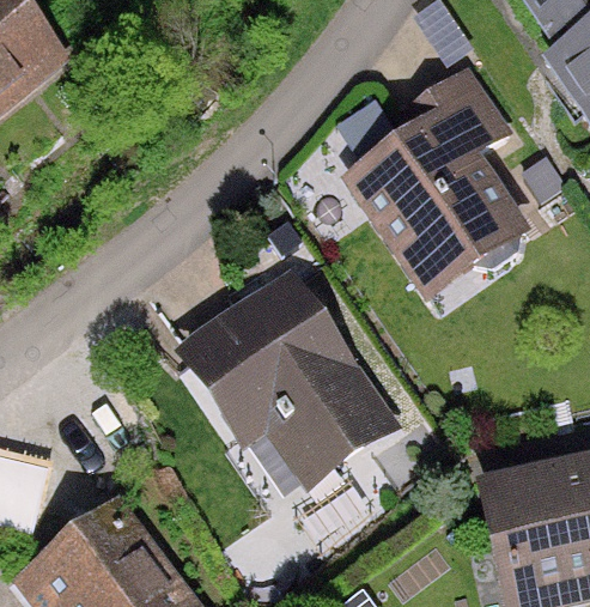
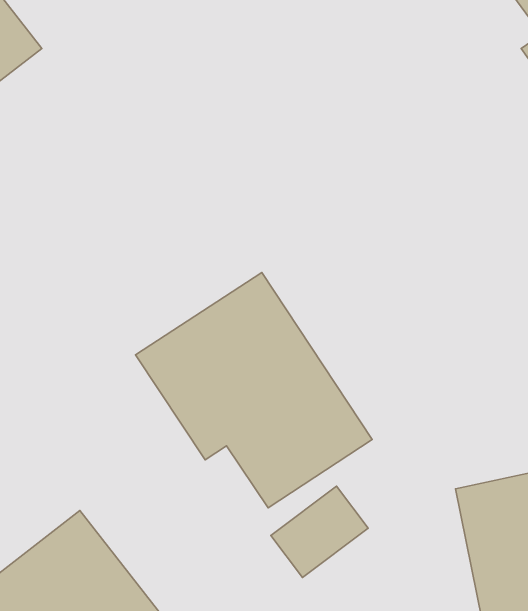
building: [343,61,528,301] -> none

